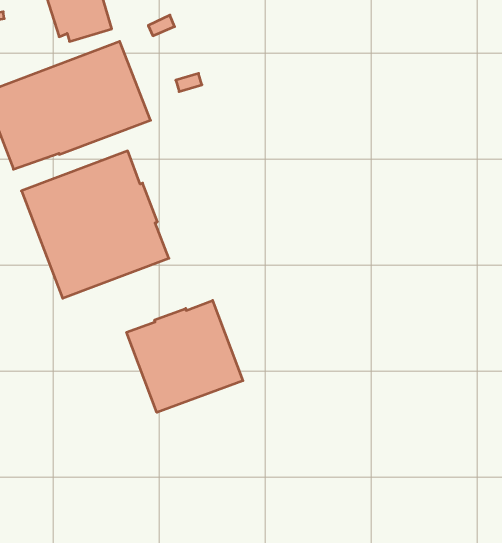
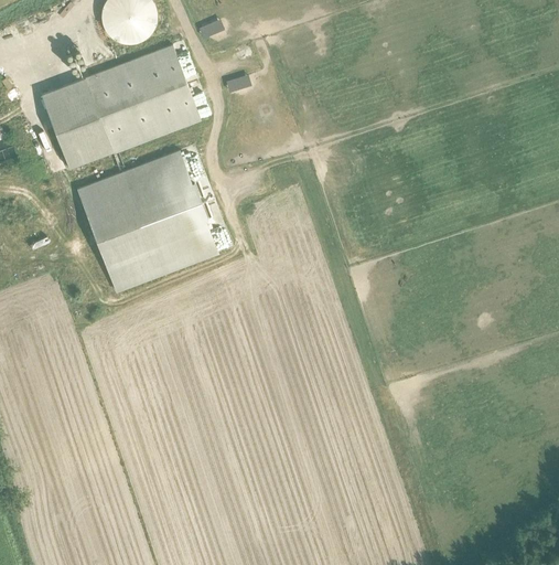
building: [127,300,243,412] -> none

